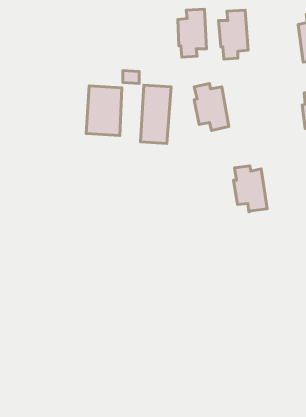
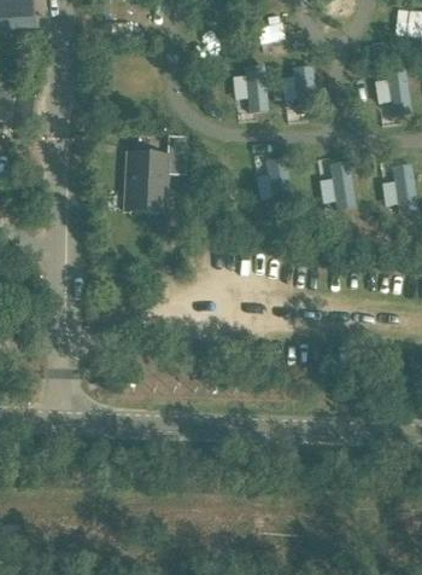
building: [141,85,171,143] -> none
building: [234,166,267,212] -> [317,155,357,209]

